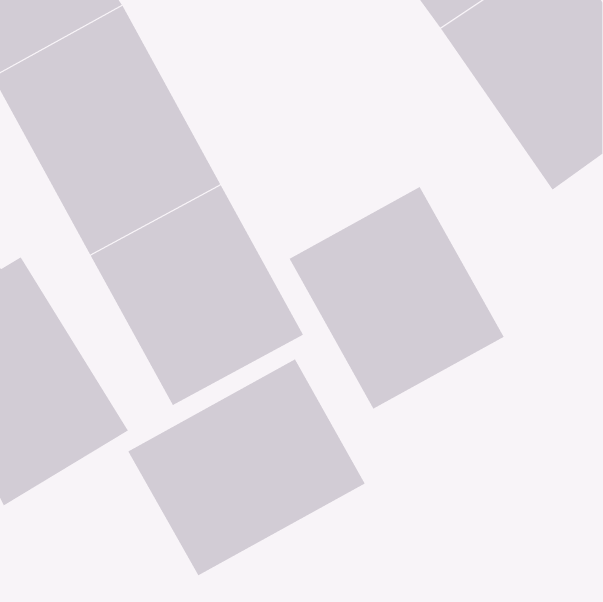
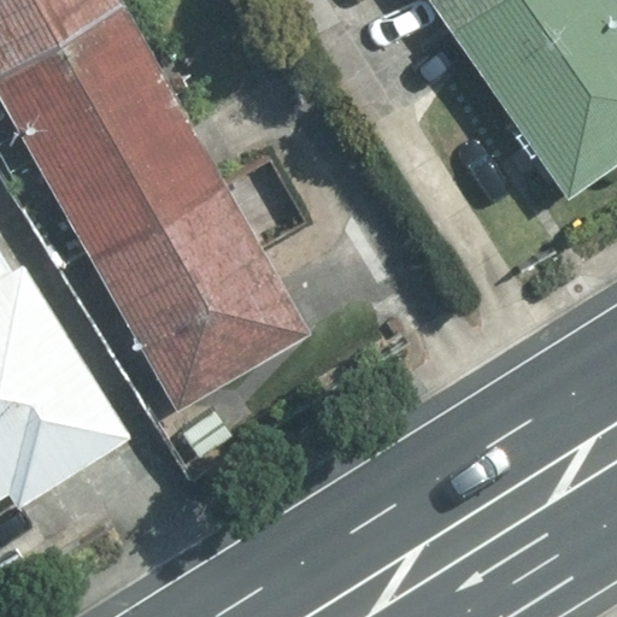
building: [289,186,504,409] -> none
building: [127,359,366,576] -> none

